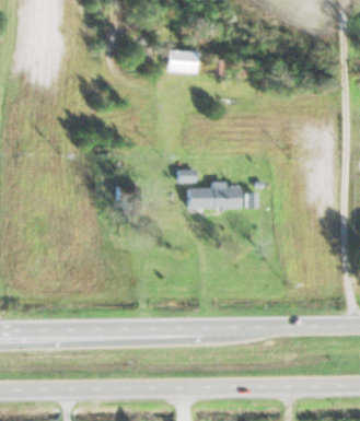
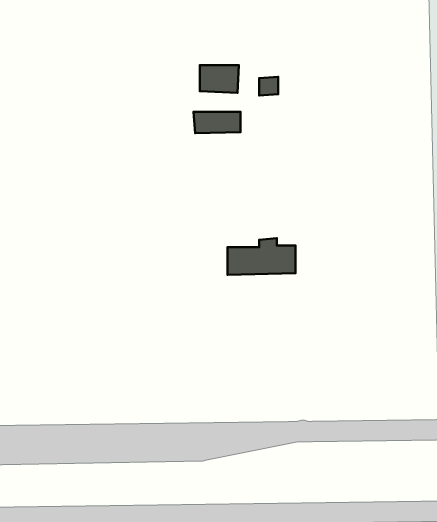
building: none -> [193,112,240,133]

